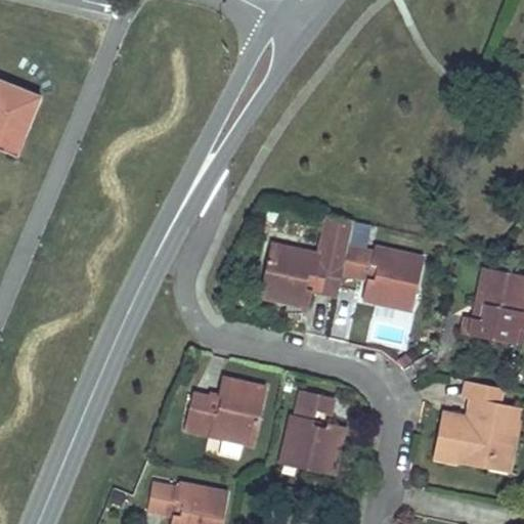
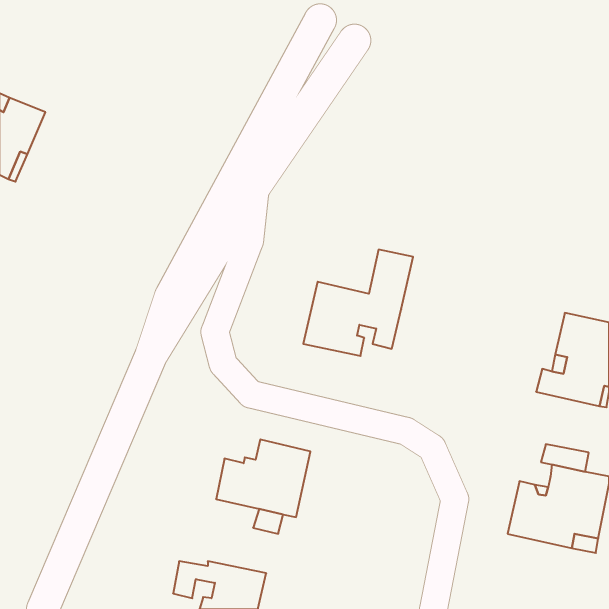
building: [343,248,424,312] -> none
building: [280,391,345,475] -> none

